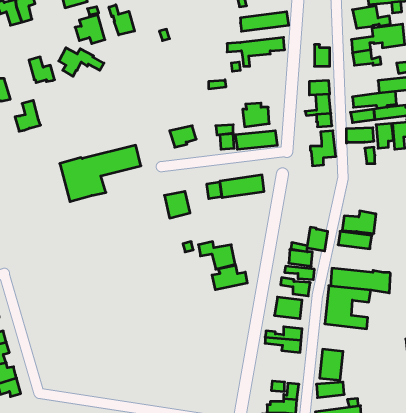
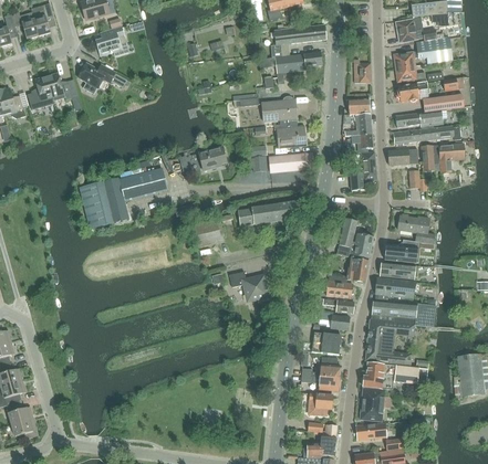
building: [109,5,135,35] -> none
building: none -> [396,83,426,102]
building: none -> [260,99,295,124]
building: [15,100,41,131] -> [25,76,53,109]
building: none -> [396,214,434,244]
building: none -> [331,218,372,257]
building: none -> [374,277,414,298]
building: [212,265,247,290] -> none
building: none -> [361,362,426,390]
building: none -> [308,393,332,415]

